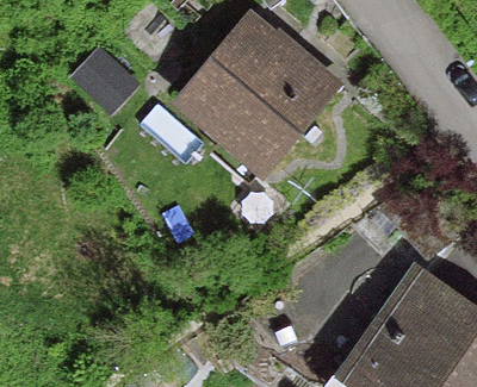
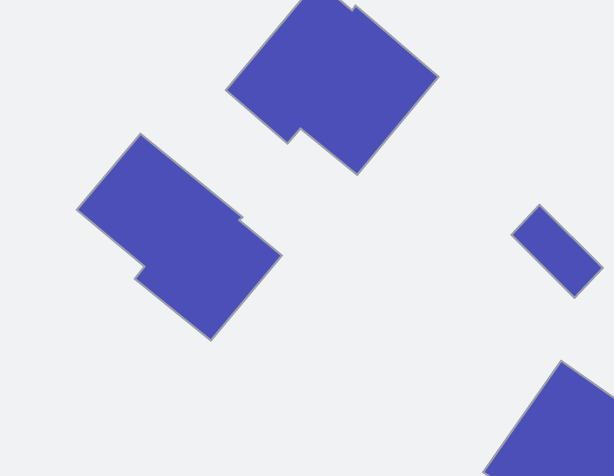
building: none -> [77,134,282,341]

